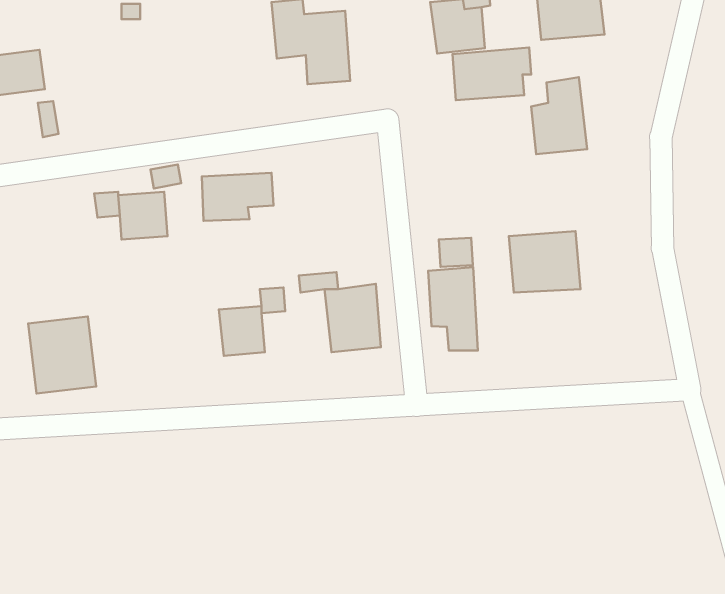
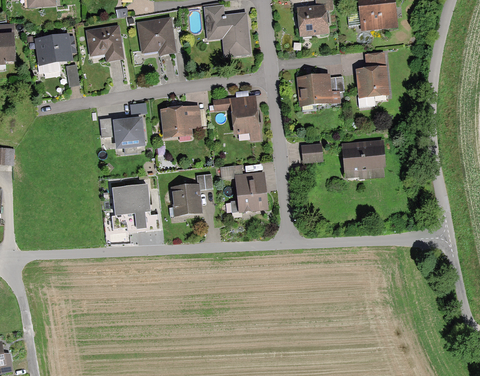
building: none -> [135,17,174,54]
building: none -> [87,25,121,60]
building: [453,47,531,100] -> [297,75,343,106]
building: none -> [213,95,259,140]
building: [428,267,478,350] -> none
building: [28,317,96,393] -> [113,185,153,230]

